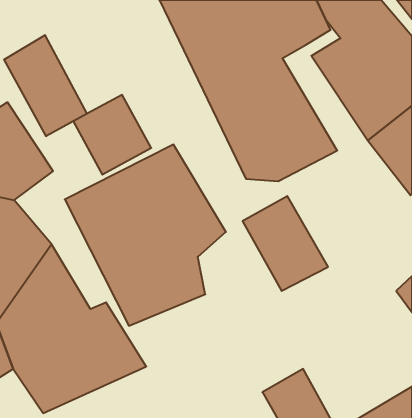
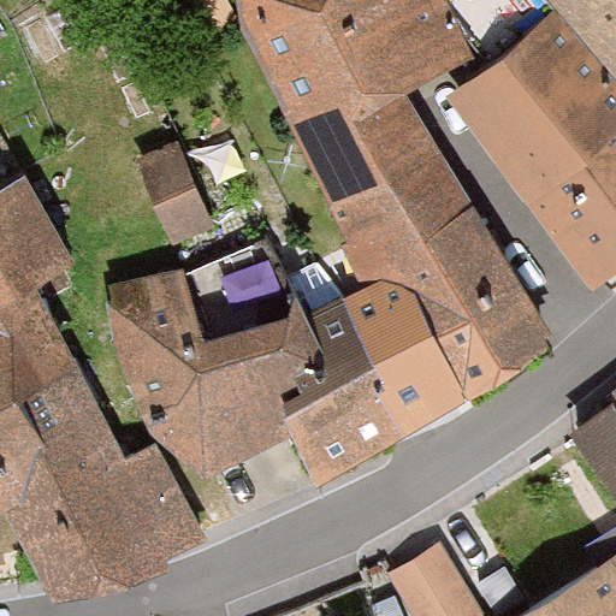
building: [4,35,87,136] -> none
building: none -> [403,227,564,396]
building: none -> [286,330,408,488]

